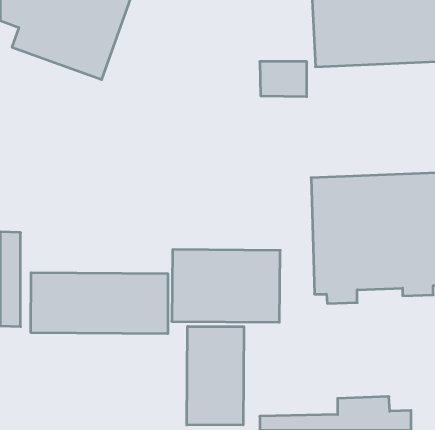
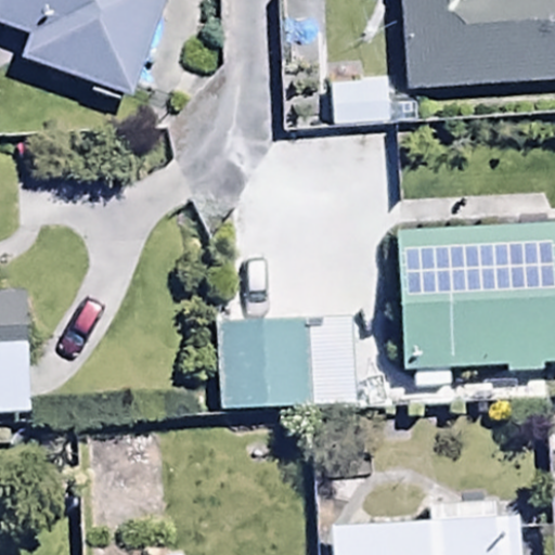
building: [31,273,168,334] -> none
building: [187,326,244,425] -> none

